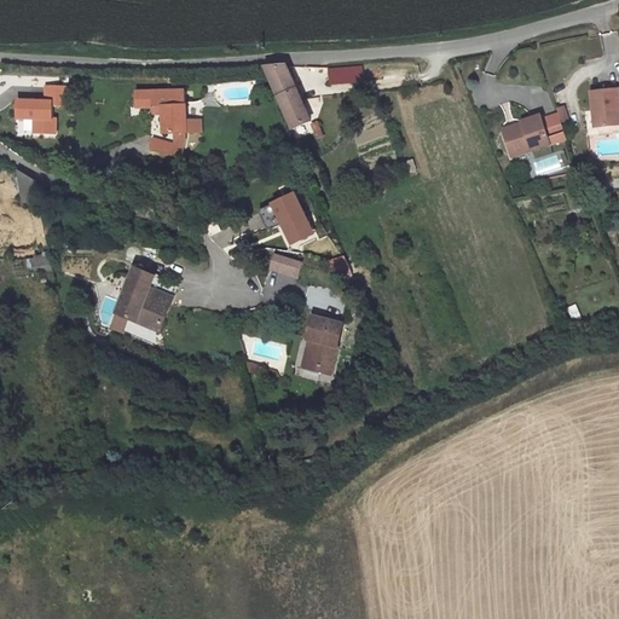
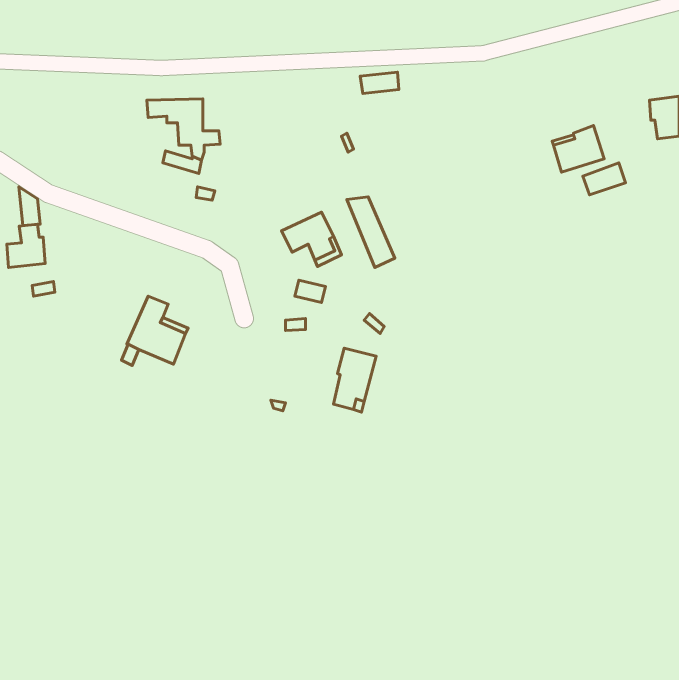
building: [265,64,308,128] -> [347,197,395,268]
building: [17,85,66,132] -> none
building: [538,109,566,144] -> none
building: none -> [7,224,45,267]

